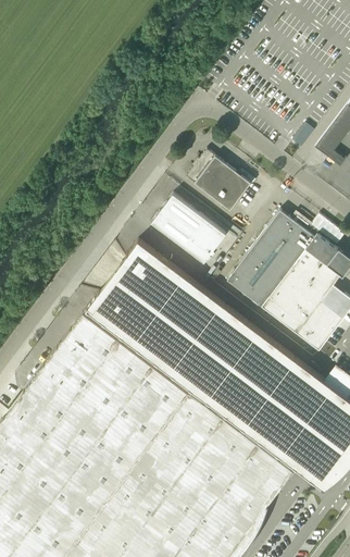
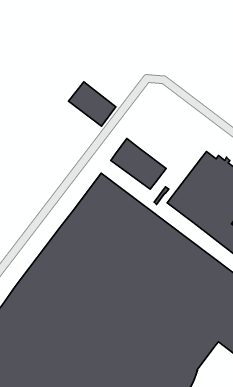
building: [186,150,250,210] -> [68,82,116,126]

